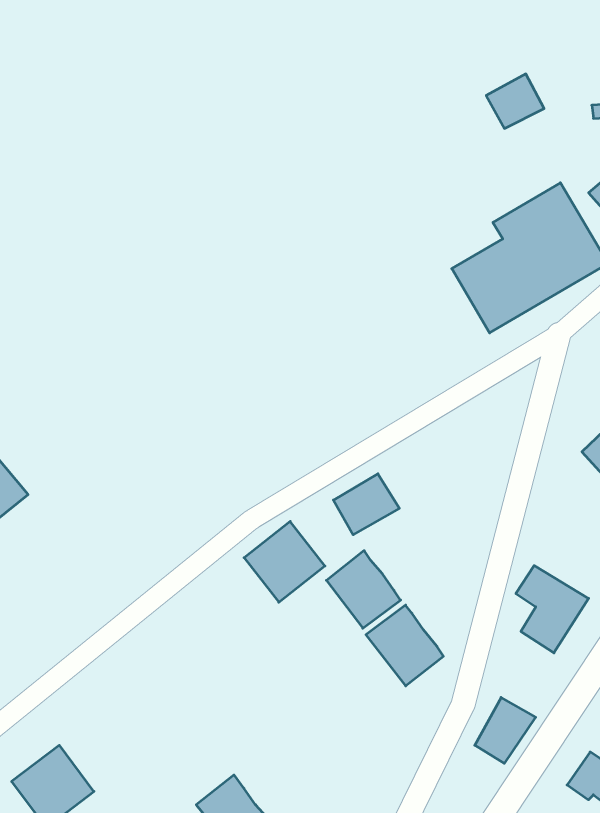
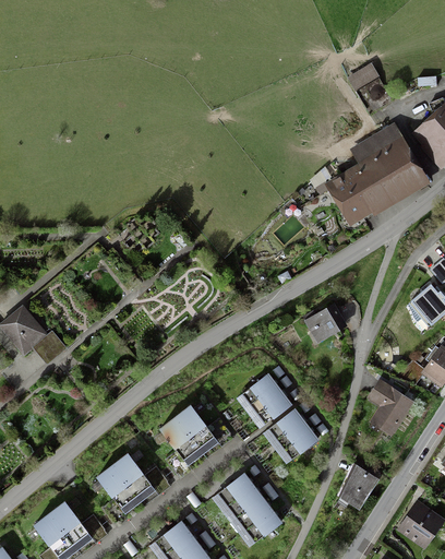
building: [333,474,399,535] -> [304,305,348,345]
building: [244,521,325,602] -> [160,404,214,457]
building: none -> [98,452,151,506]
building: none -> [219,472,281,539]

